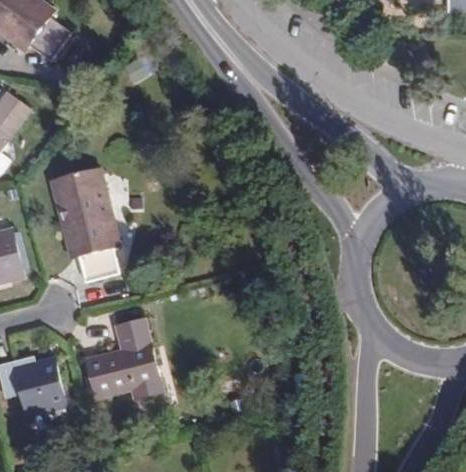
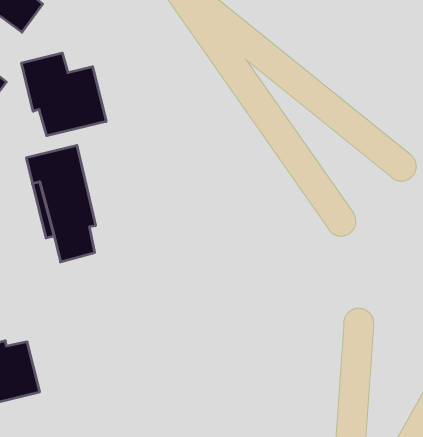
building: none -> [22,53,106,136]
building: [86,318,164,398] -> none

